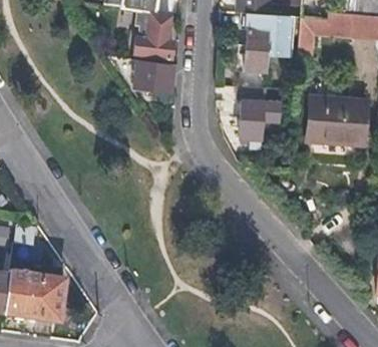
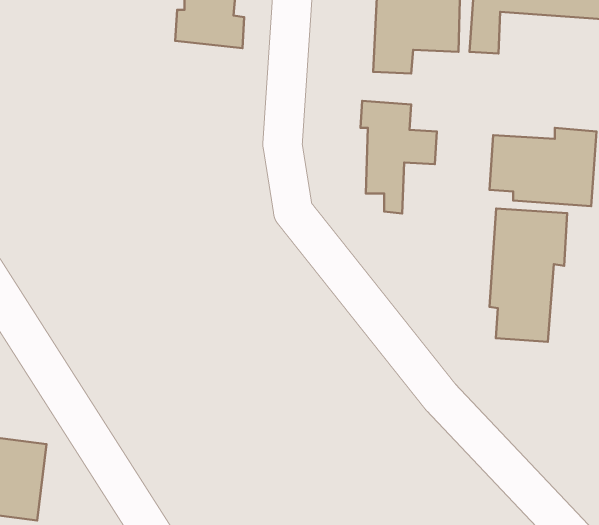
building: [108,57,177,91] -> none
building: none -> [489,209,567,342]

